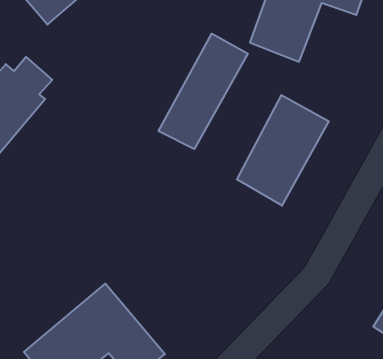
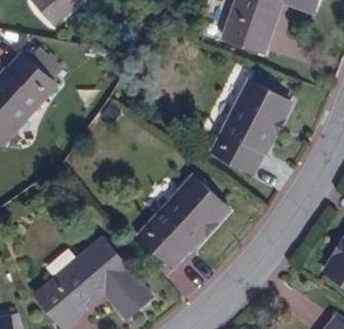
building: [159,34,248,149] -> none
building: none -> [141,179,226,266]

